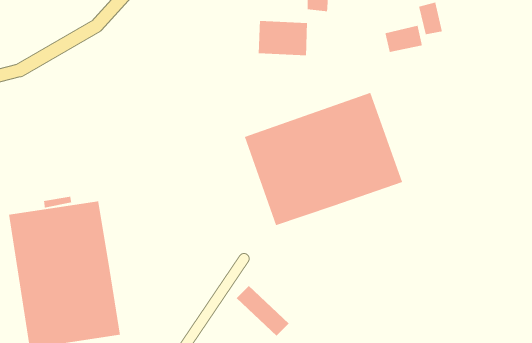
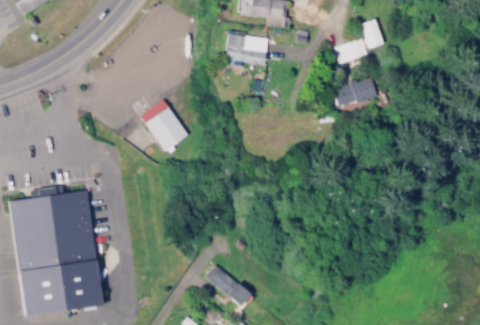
building: none -> [332,76,376,109]
building: [244,92,403,226] -> none
building: none -> [141,99,188,150]

